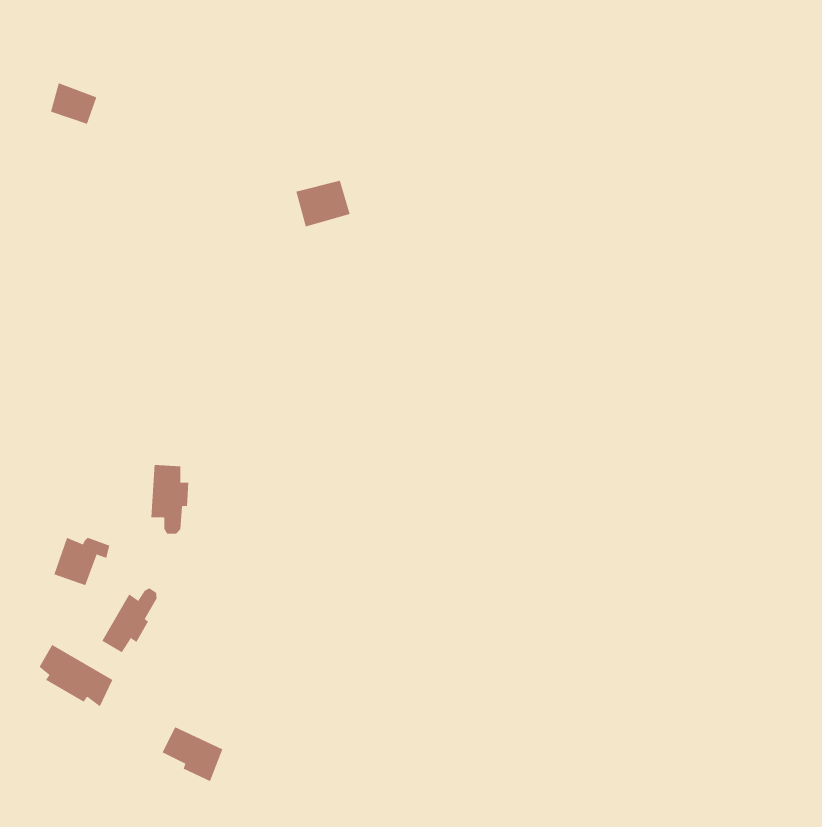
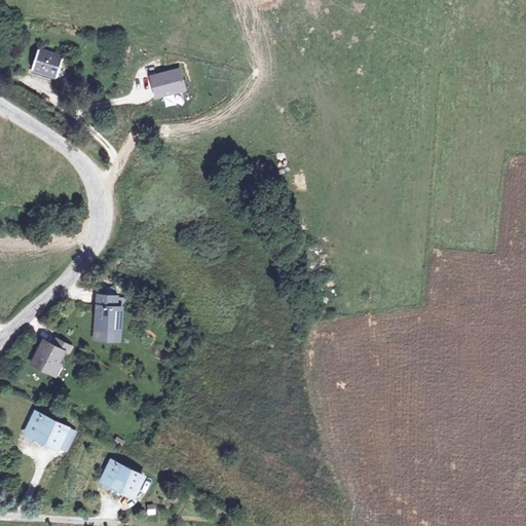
building: [295,180,350,227] -> [147,69,182,99]
building: [102,587,157,653] -> none

